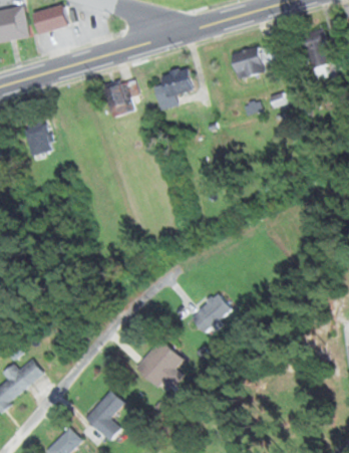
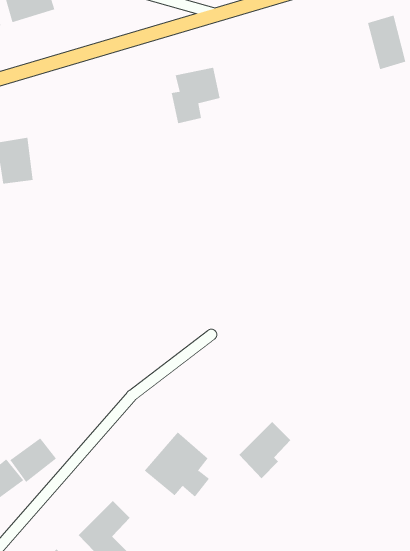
building: [231,43,278,78] -> none
building: [101,77,138,117] -> none
building: [192,293,231,336] -> [239,421,291,479]
building: none -> [9,437,57,483]

